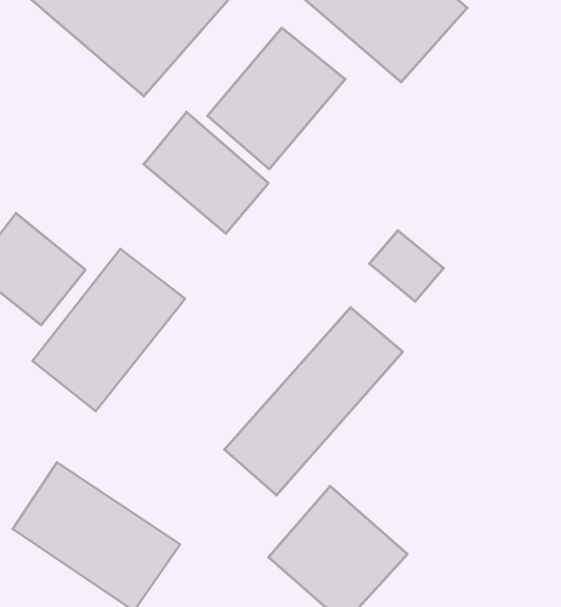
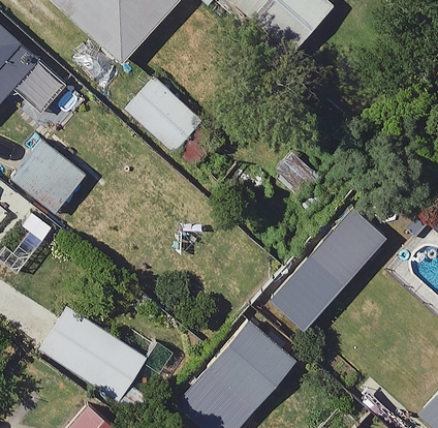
building: [207,28,345,169] -> none
building: [33,249,185,411] -> none
building: [224,307,403,495] -> [272,207,388,330]

